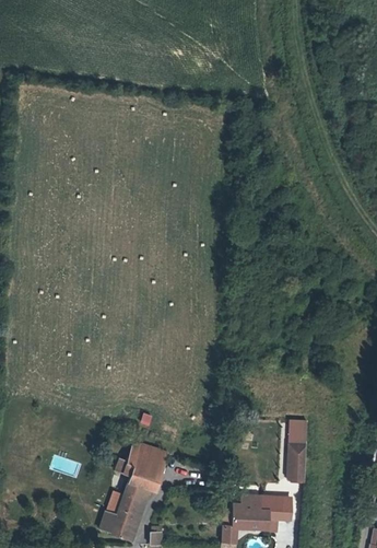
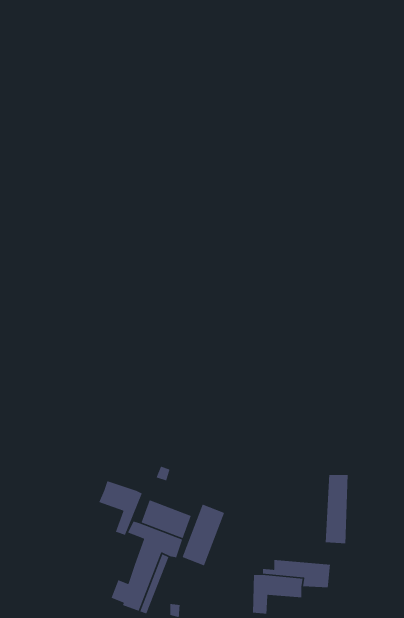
building: none -> [98,480,143,536]
building: none -> [182,503,225,567]

